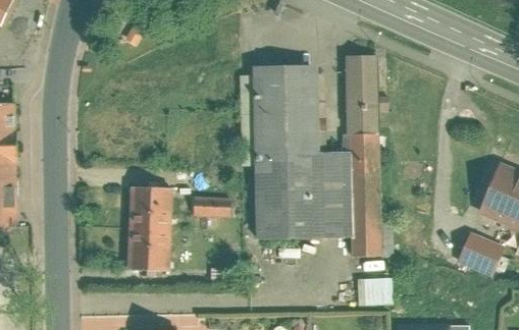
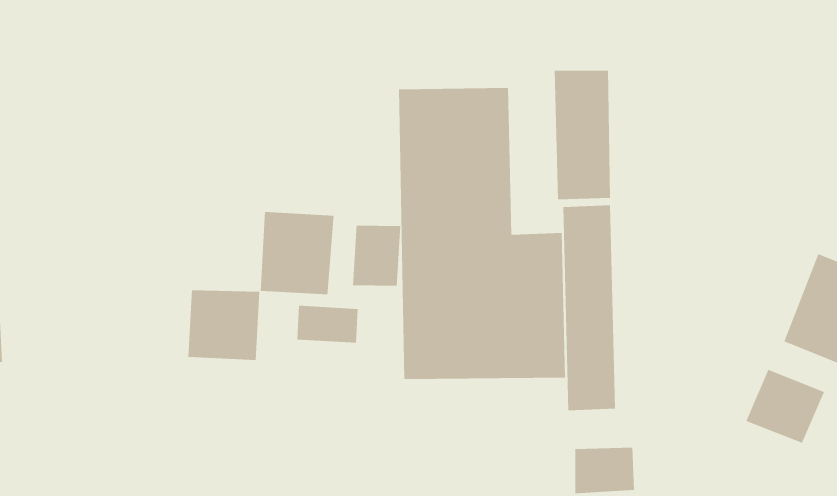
building: none -> [260,211,334,295]
building: none -> [353,225,401,286]
building: [127,225,169,271] -> none

